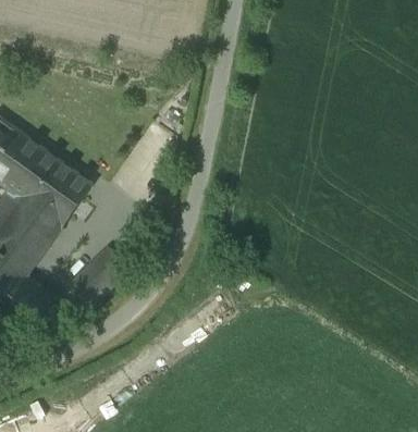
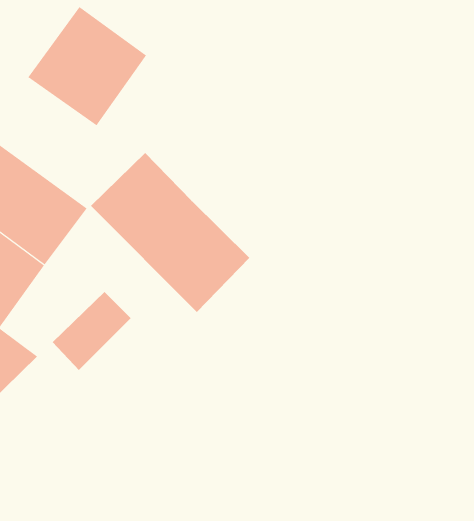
building: none -> [27,6,147,126]
building: none -> [90,152,250,313]

